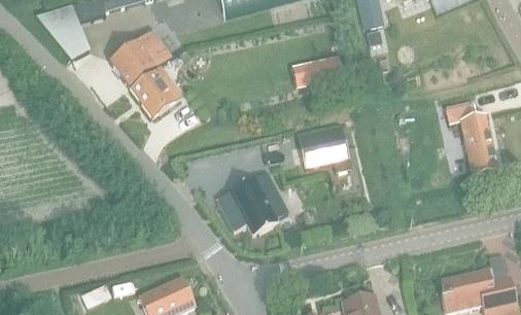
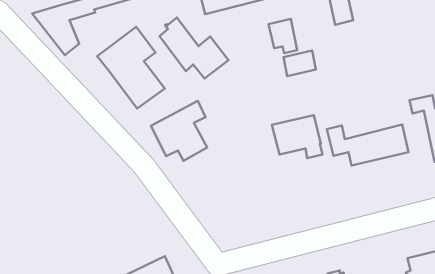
building: none -> [159,17,228,78]
building: none -> [269,19,297,53]
building: none -> [327,124,408,166]
building: [217,172,278,237] -> [151,101,207,161]

